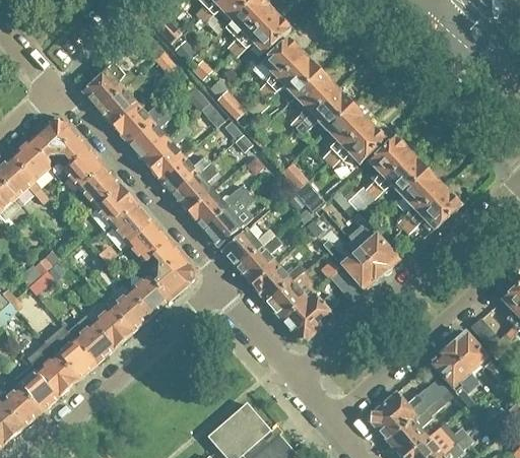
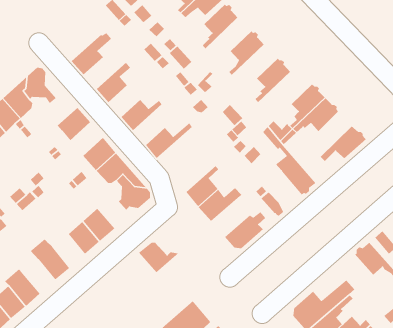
building: [250,55,320,117] -> none
building: [82,62,135,109] -> none
building: [296,88,352,135] -> none
building: [113,104,166,143] -> none
building: [66,122,106,188] -> none
building: [328,122,385,166] -> none
building: [143,124,192,178] -> none
building: [174,161,216,212] -> none
building: [399,171,444,226] -> none
building: [96,184,137,225] -> none
building: [203,186,260,247] -> none
building: [222,230,276,270] -> none
building: [324,239,382,290] -> none
building: [270,275,319,325] -> none
building: [130,276,181,315] -> [138,242,179,273]
building: [69,315,115,364] -> none
building: [430,346,475,408] -> none
building: [39,353,78,395] -> none

